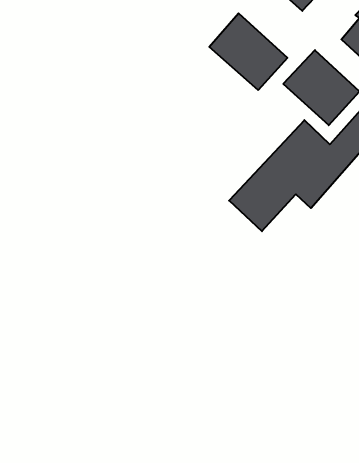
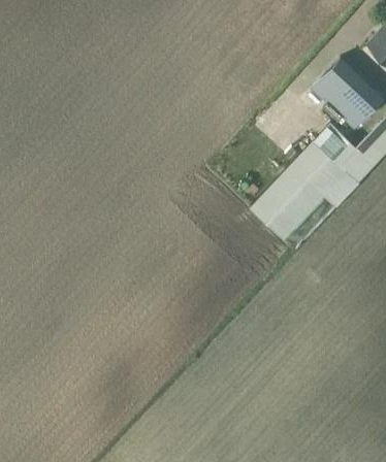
building: [209,13,287,90] -> none

